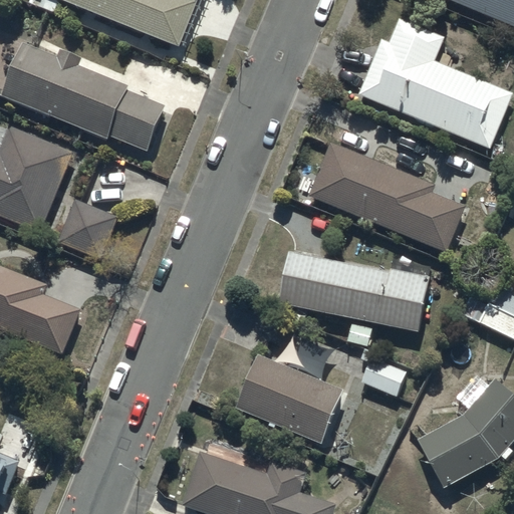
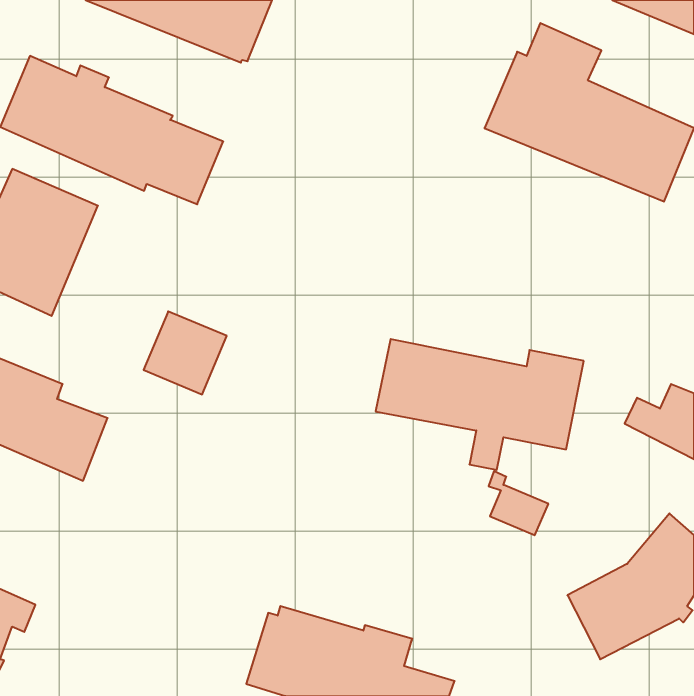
building: [308,142,464,252] -> none
building: [56,198,117,259] -> [144,311,227,394]
building: [236,353,342,443] -> none

